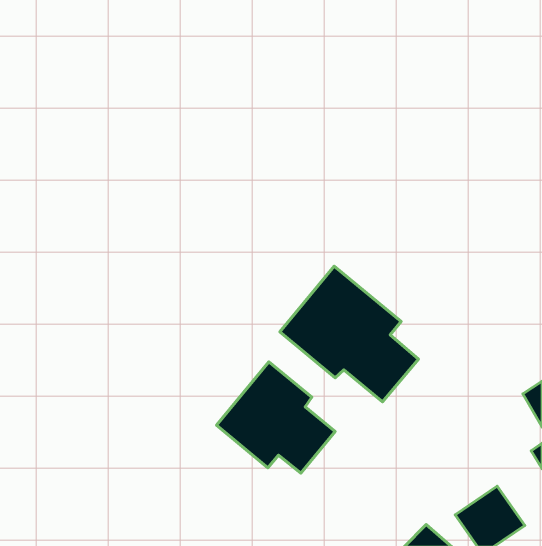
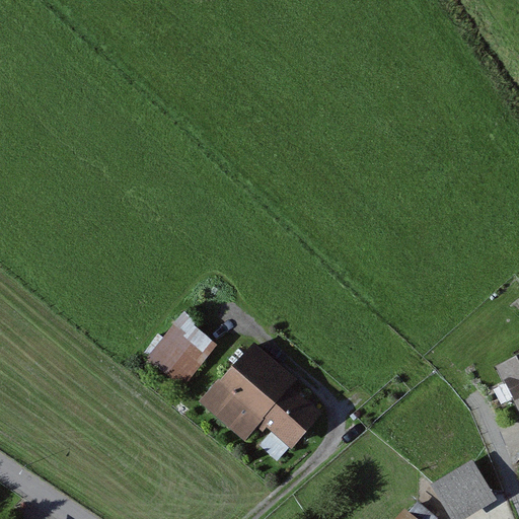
building: [280,266,419,402] -> none
building: none -> [147,316,217,388]

